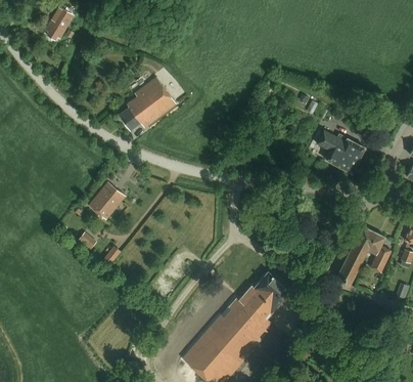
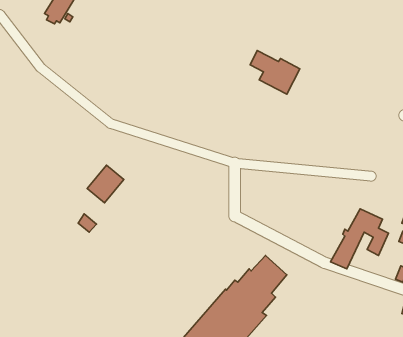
building: [119,77,176,130] -> none
building: [316,128,366,172] -> [250,50,300,94]

